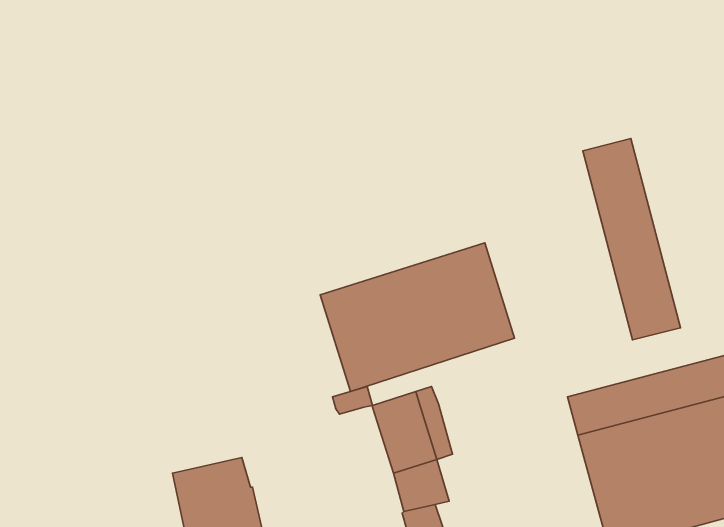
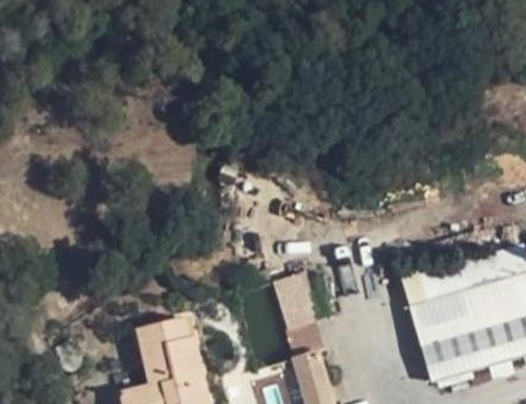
building: [583,139,681,340] -> none
building: [320,243,515,391] -> none

